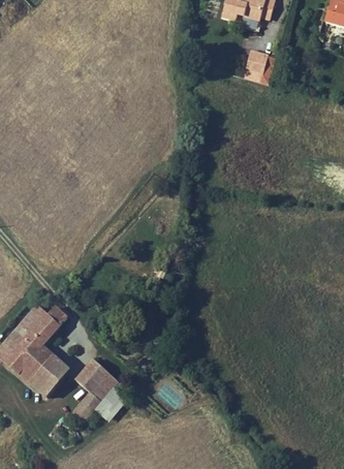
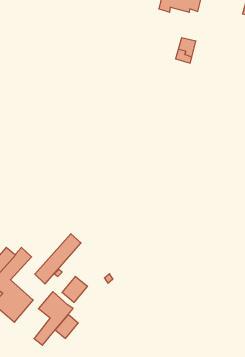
building: none -> [35,234,81,284]
building: none -> [62,276,87,302]

